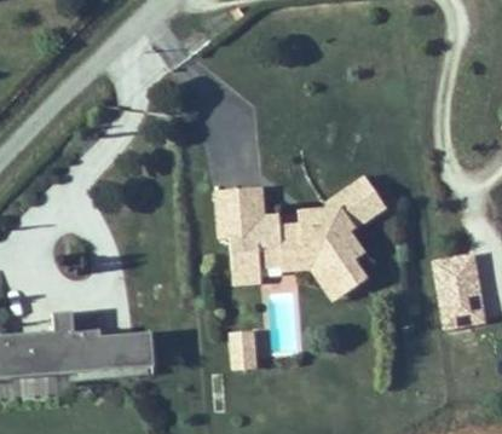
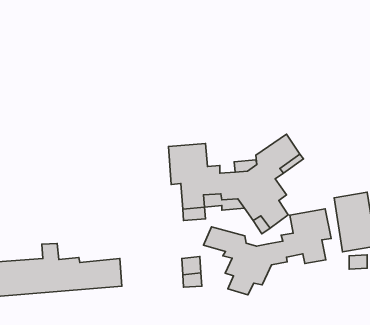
building: none -> [203,209,331,295]

